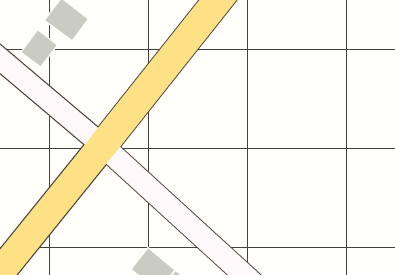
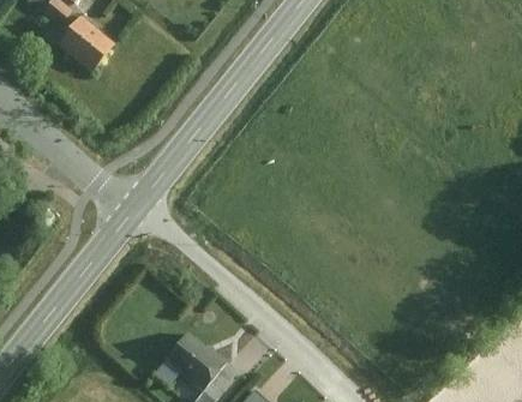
building: [21,30,58,67] -> none

